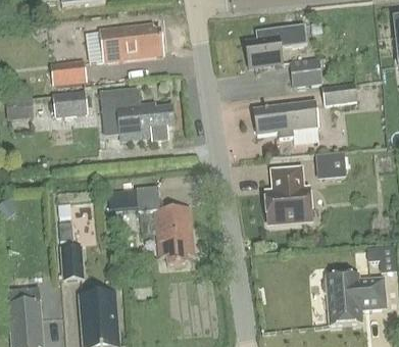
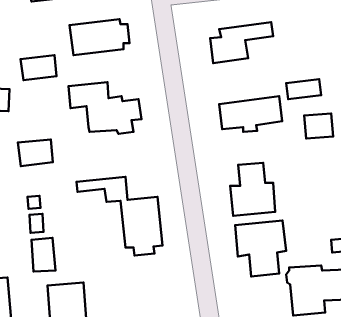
building: [289,57,322,82] -> none
building: [52,89,88,116] -> [18,139,53,166]
building: [314,153,344,179] -> [304,113,333,138]
building: none -> [235,221,286,276]

